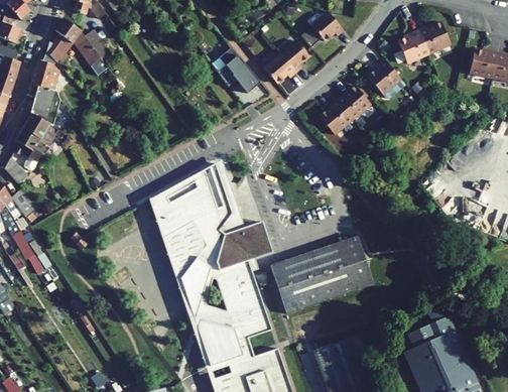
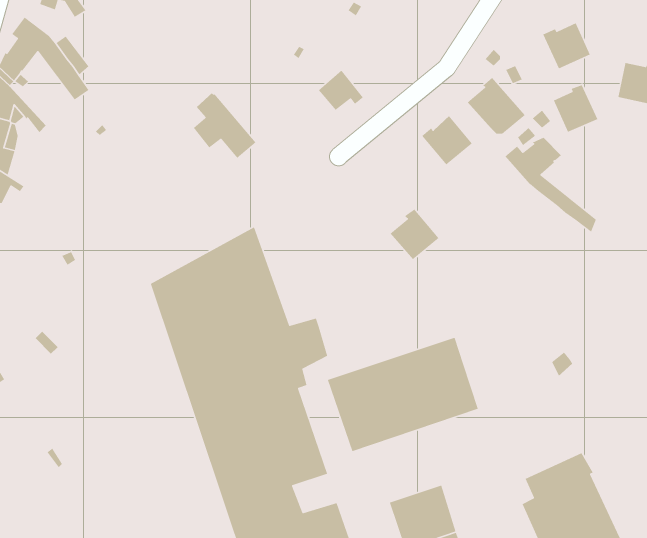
building: [300,11,344,46] -> none
building: [397,29,428,62] -> [553,84,598,133]
building: [280,40,308,73] -> none
building: [217,47,260,93] -> [193,92,256,159]
building: [318,99,352,134] -> [389,209,440,260]
building: none -> [504,137,597,233]

